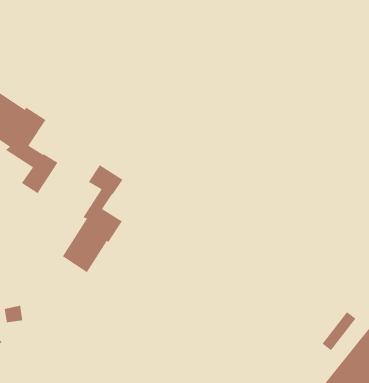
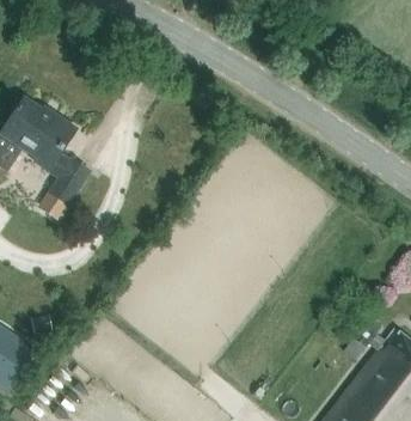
building: [62,164,124,273] -> none

